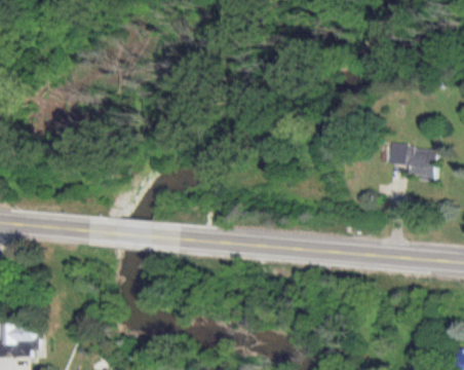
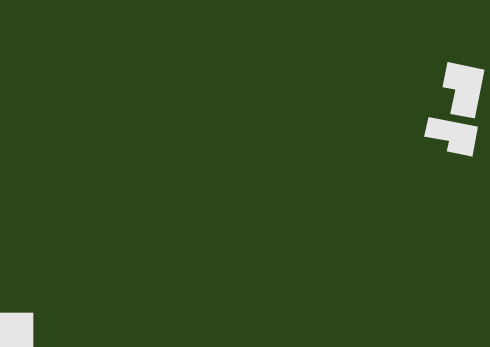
building: none -> [442,61,485,119]

